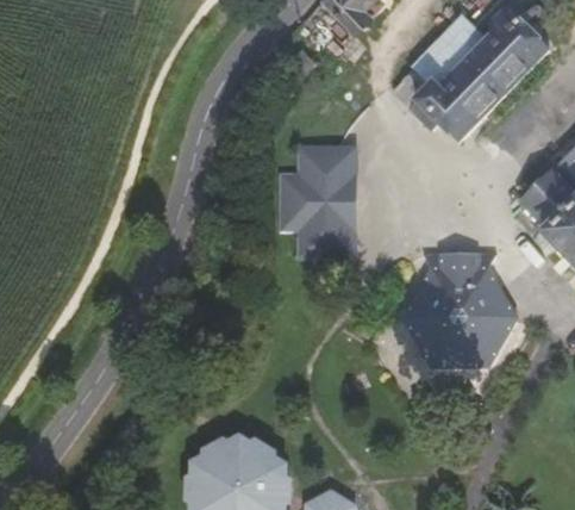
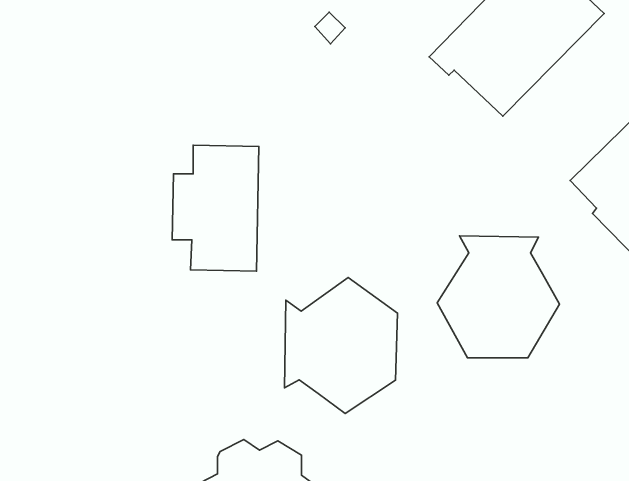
building: [281,145,360,260] -> [172,145,259,271]
building: none -> [285,278,398,414]

